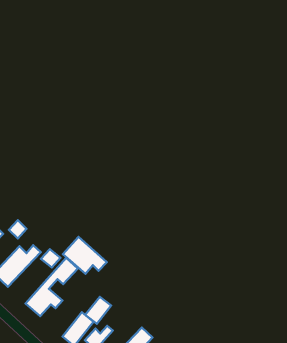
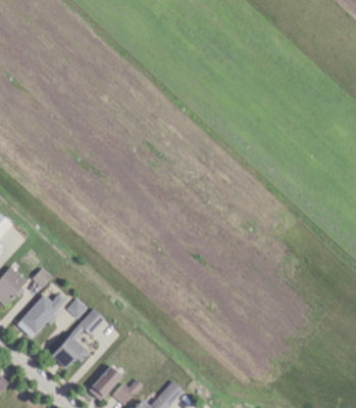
building: [63,237,107,274] -> none
building: [85,297,111,324] -> none

